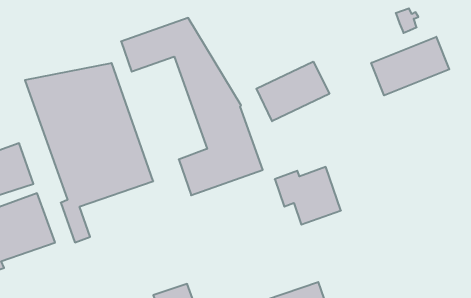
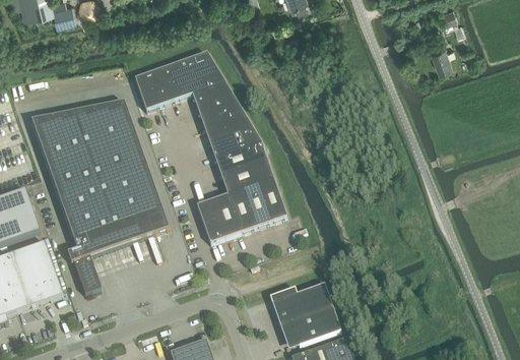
building: [371,37,449,95] -> none
building: [256,62,329,121] -> none
building: [275,167,341,225] -> [269,283,340,345]

